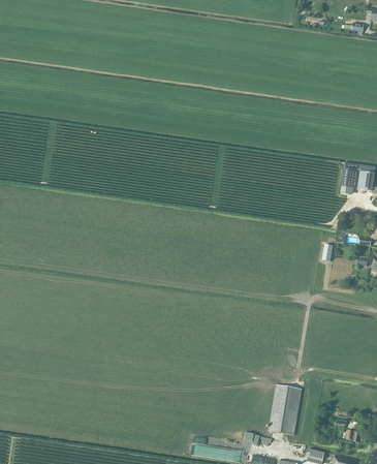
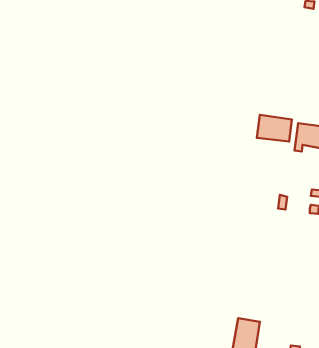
building: none -> [257,115,292,141]

